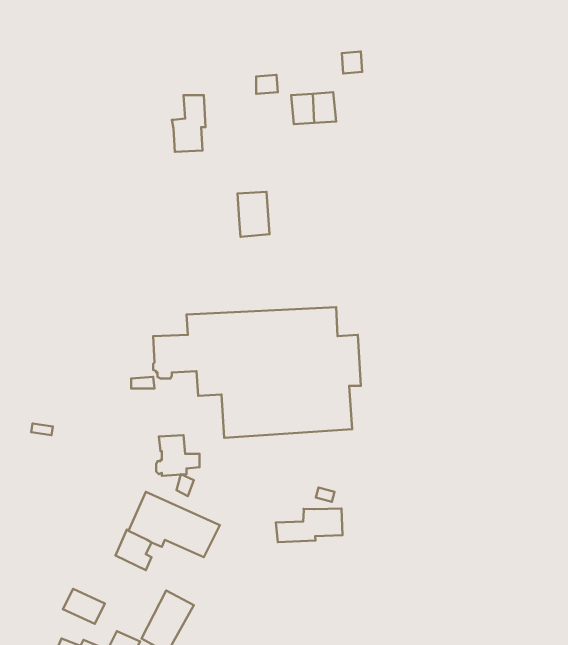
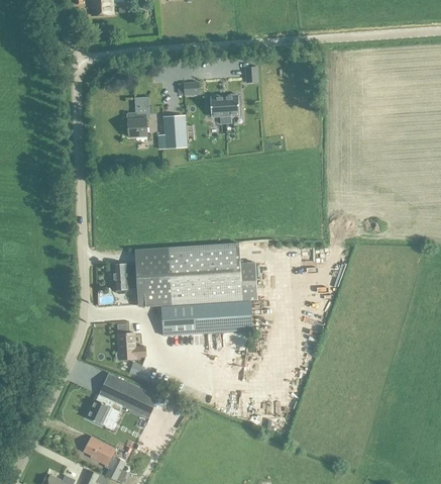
building: [238,192,270,237] -> [162,115,185,147]
building: [276,508,343,542] -> none
building: [63,589,105,624] -> [85,439,114,463]

